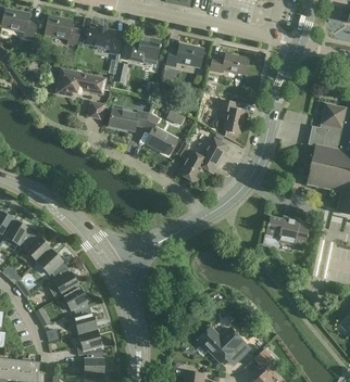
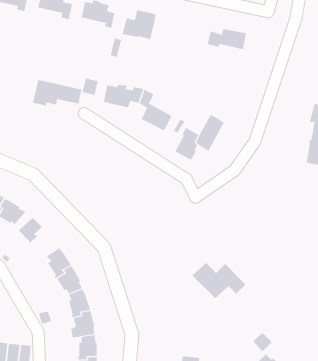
building: [166,42,203,66] -> none
building: [57,68,105,94] -> [32,79,82,106]
building: [215,99,243,132] -> none
building: [265,215,310,245] -> none
building: [38,246,66,275] -> none
building: [197,326,250,361] -> [192,262,246,299]

